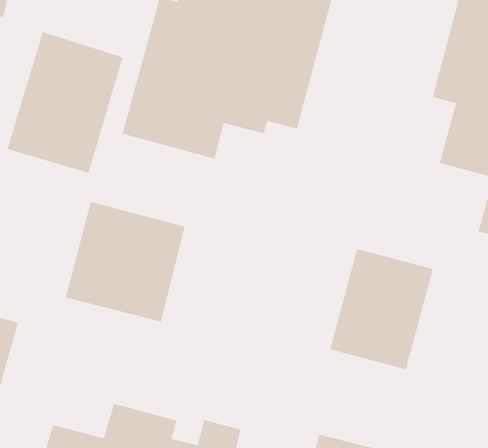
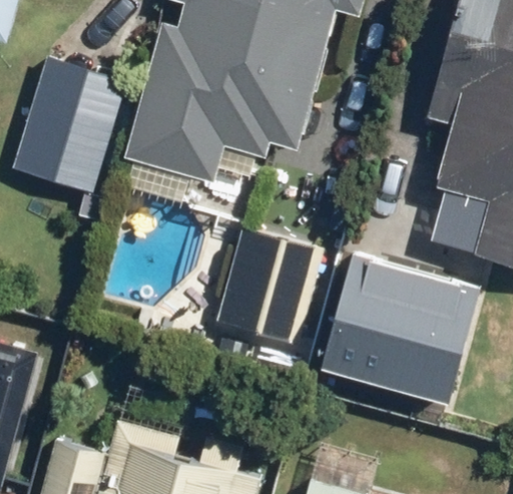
building: [65,201,186,322] -> none
building: none -> [217,226,324,347]

